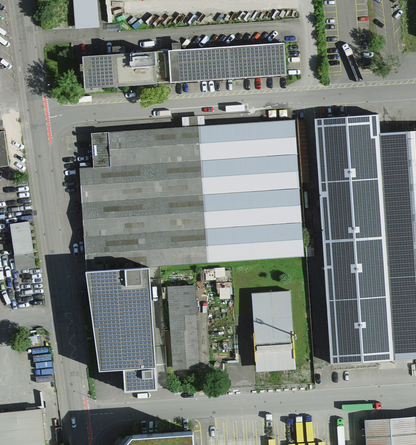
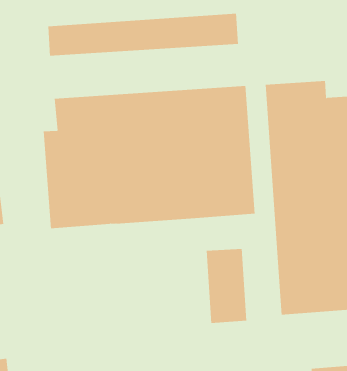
building: [86,266,158,391] -> none
building: [165,280,199,371] -> none

